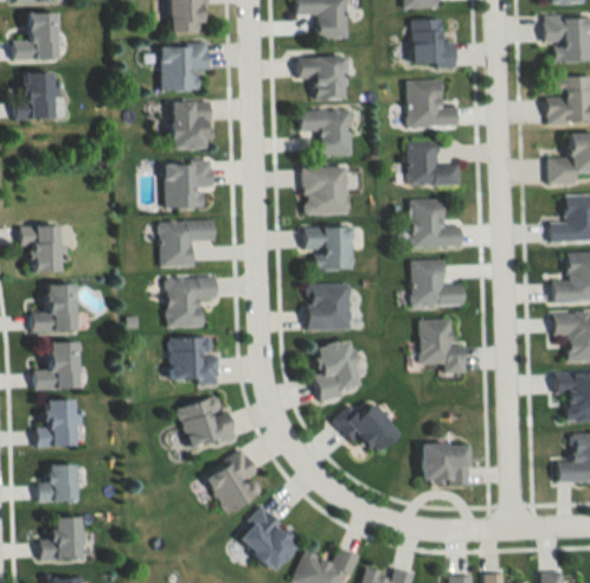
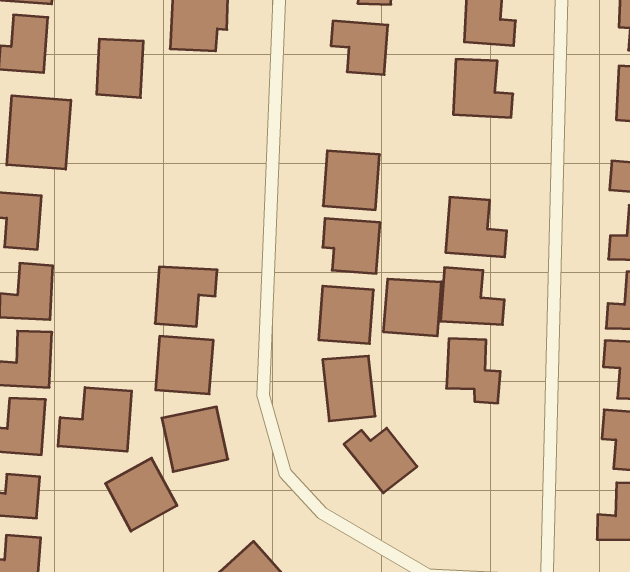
building: [172,102,211,150] -> [97,39,143,98]
building: [299,110,351,156] -> none
building: none -> [7,96,71,169]
building: [408,143,460,186] -> none
building: [163,161,212,209] -> none
building: [159,220,214,267] -> none
building: none -> [384,279,441,336]
building: none -> [58,387,132,451]
building: [423,444,468,483] -> none
building: [204,451,267,515] -> [105,458,177,531]

